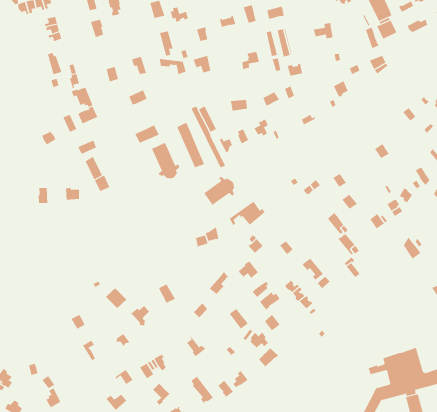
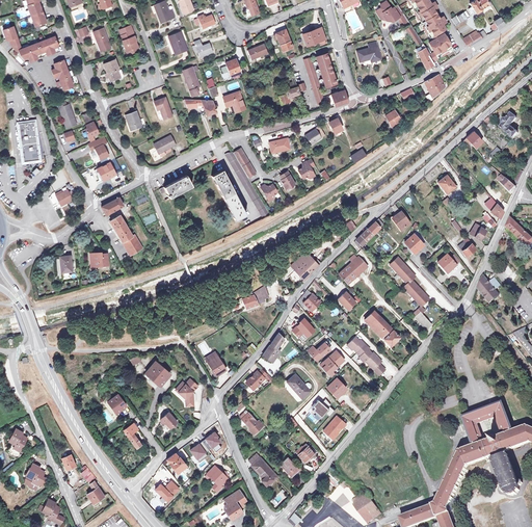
building: none -> [19,121,41,162]
building: [151,142,180,179] -> none
building: [203,176,235,206] -> none
building: none -> [338,255,367,284]

